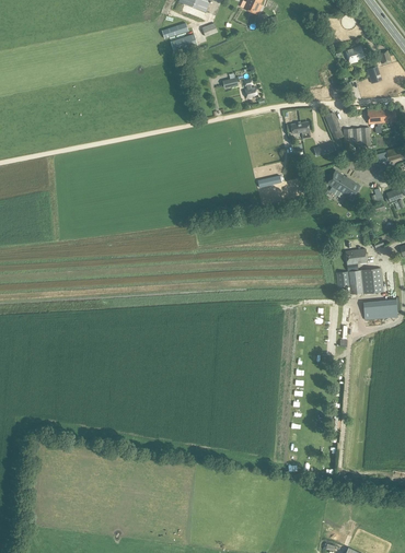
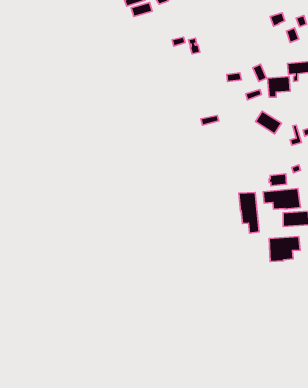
building: none -> [239,192,259,233]
building: none -> [269,236,300,262]

